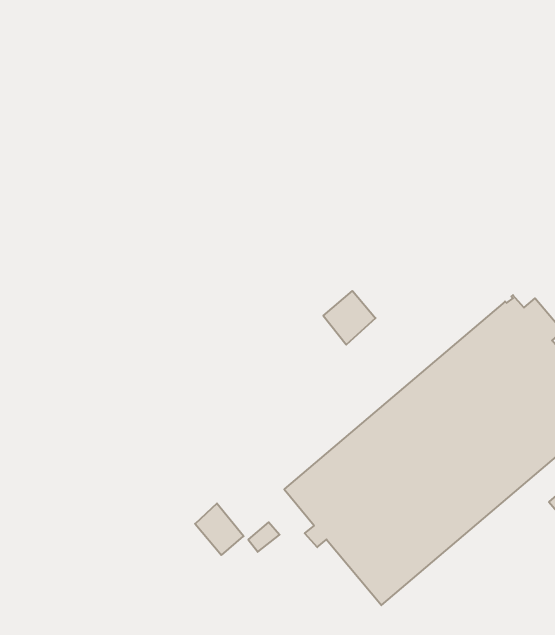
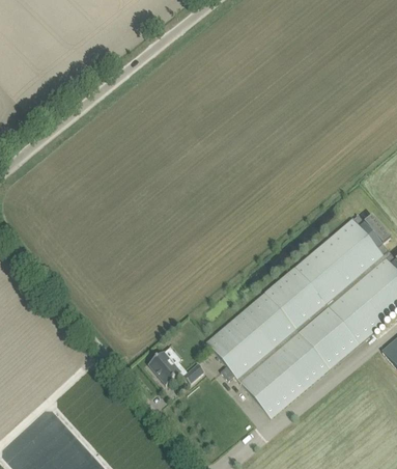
building: [323,291,376,345] -> none

